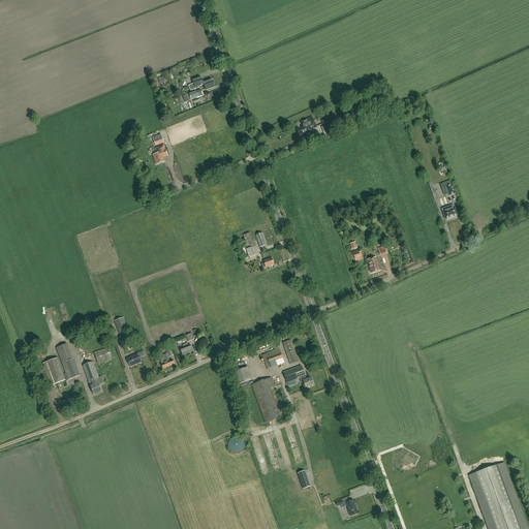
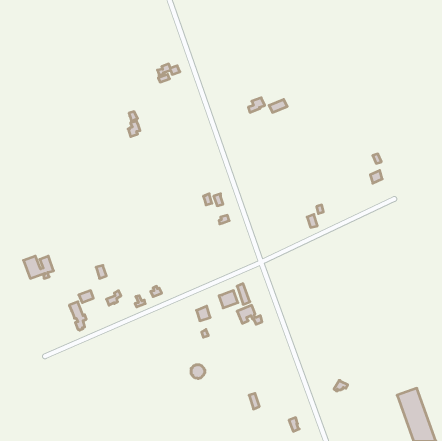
building: [42,357,79,384] -> [23,256,54,278]
building: [250,377,284,422] -> none

